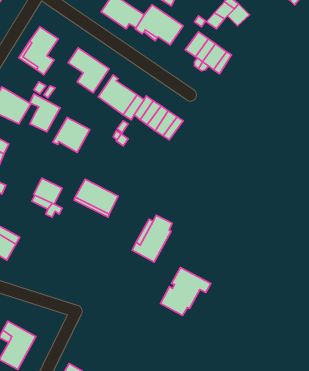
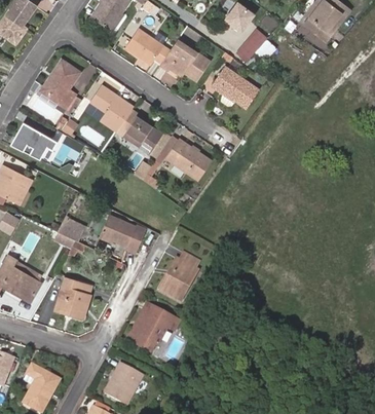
building: [53,117,90,153] -> none
building: none -> [55,279,90,318]
building: [161,267,211,316] -> [127,302,179,351]
building: none -> [104,364,141,405]

